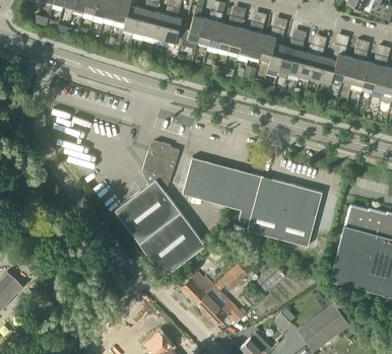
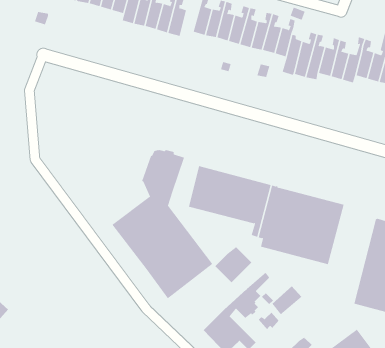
building: [181,272,214,304] -> [215,247,252,283]

